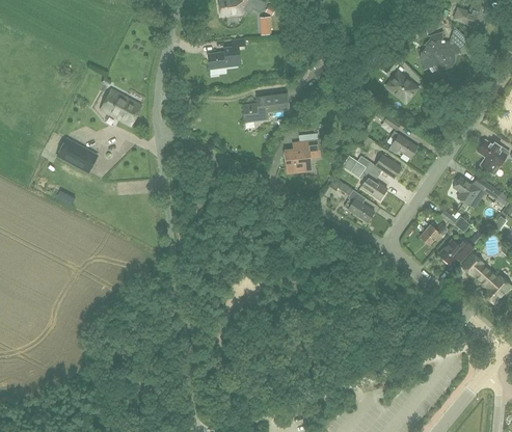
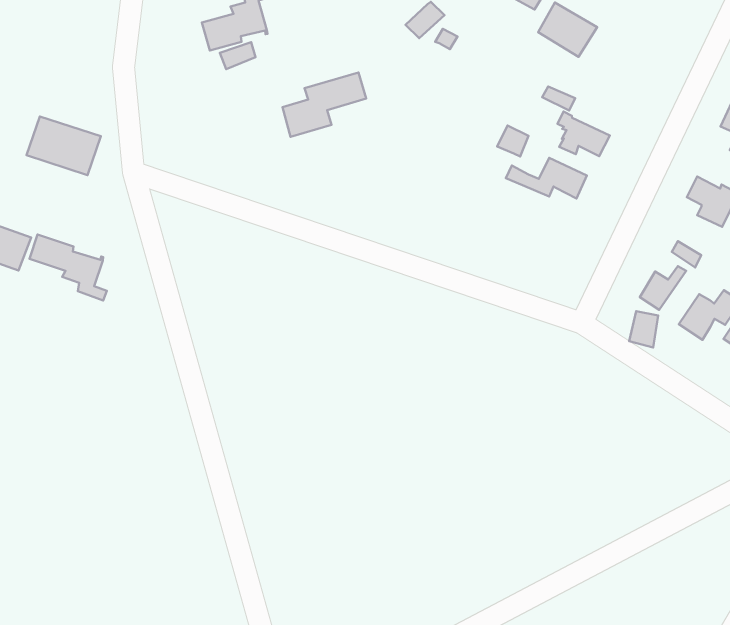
building: [286,138,320,171] -> none
building: none -> [29,235,107,301]
building: [350,161,386,198] -> none
building: [338,181,374,221] -> none

